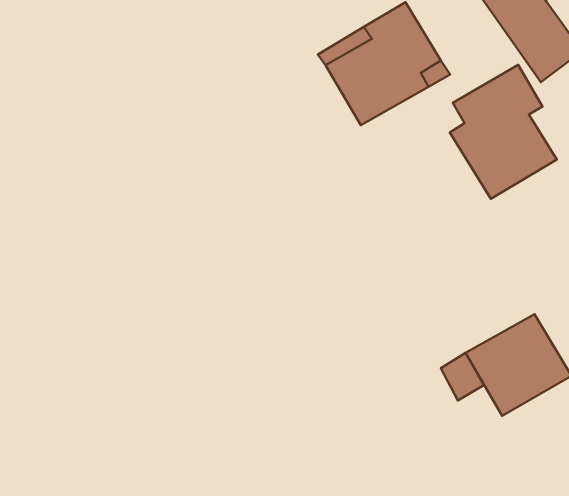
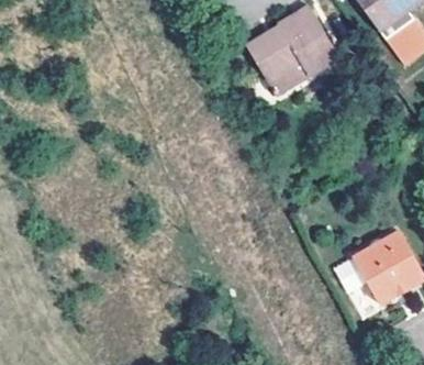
building: [450,65,557,199] -> none

